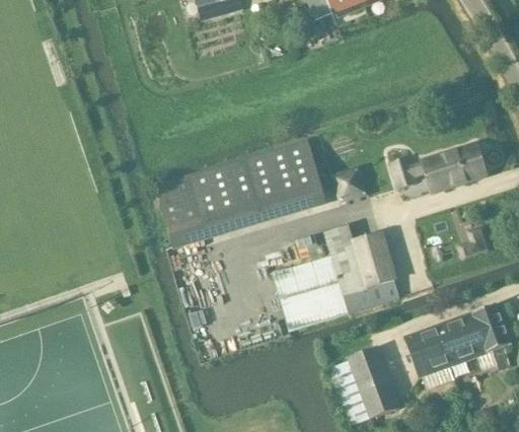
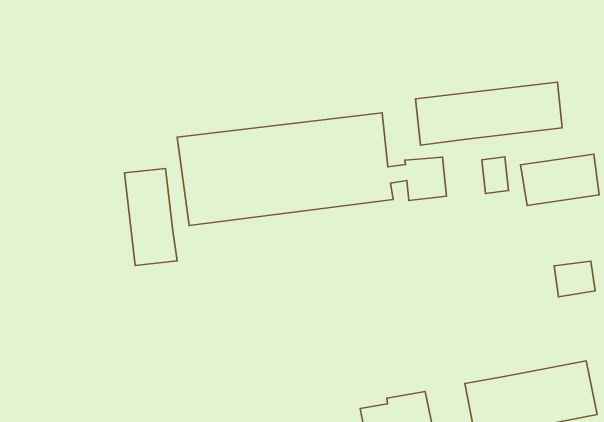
building: none -> [415,82,562,145]
building: none -> [124,169,177,265]
building: [272,223,399,330] -> none

